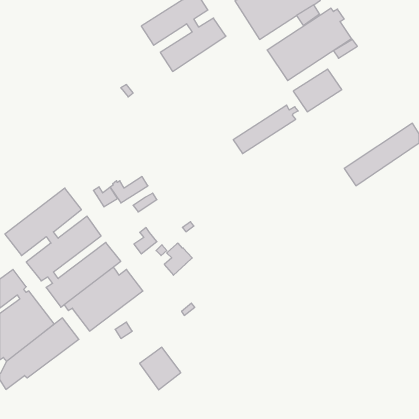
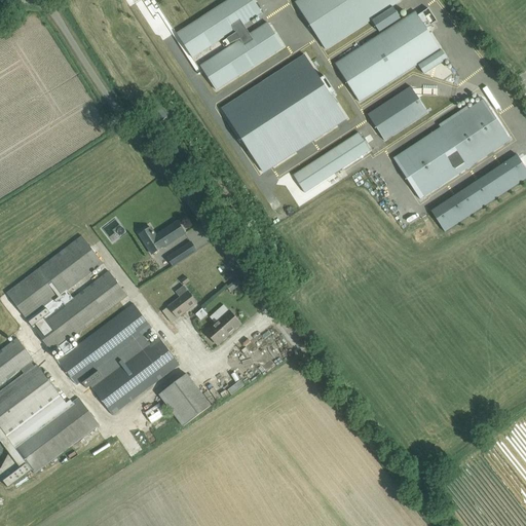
building: none -> [221,53,344,171]
building: none -> [393,100,509,198]
building: [93,187,117,207] -> none
building: [140,347,181,390] -> [158,373,210,426]

